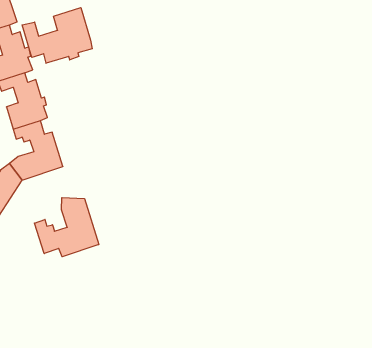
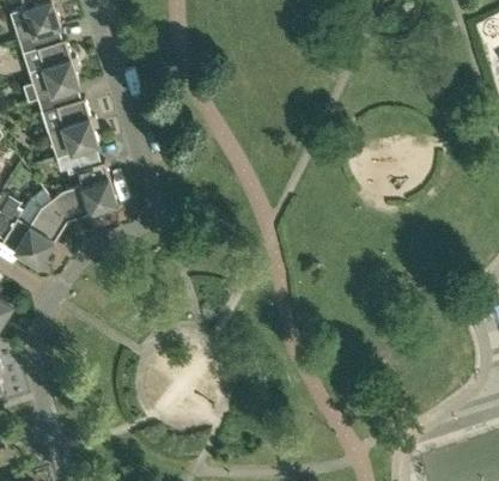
building: [22,8,92,63] -> none
building: [34,198,99,257] -> none

